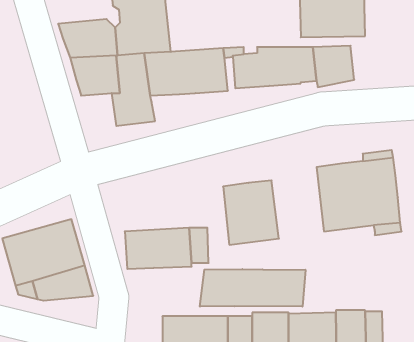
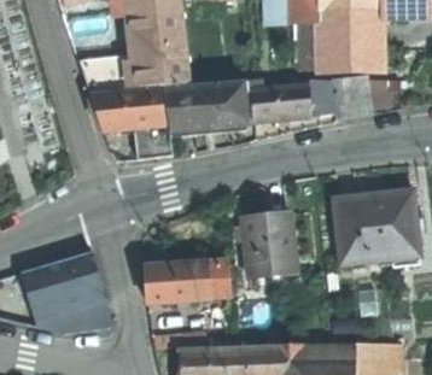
building: [200,269,305,307] -> none

